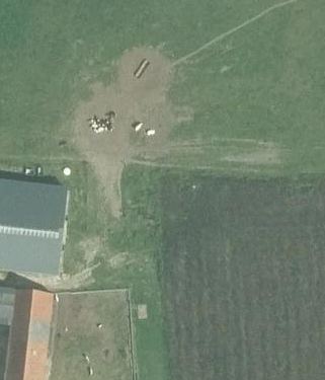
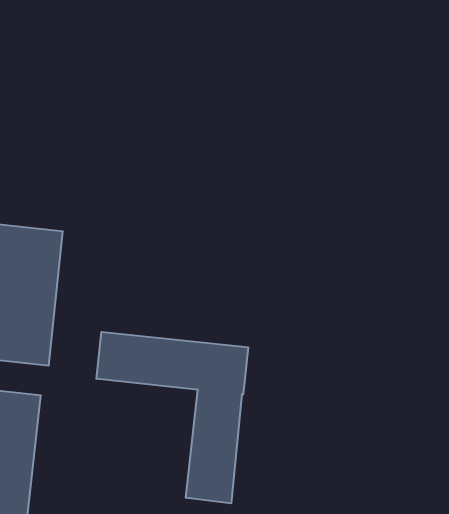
building: none -> [96,332,248,503]

